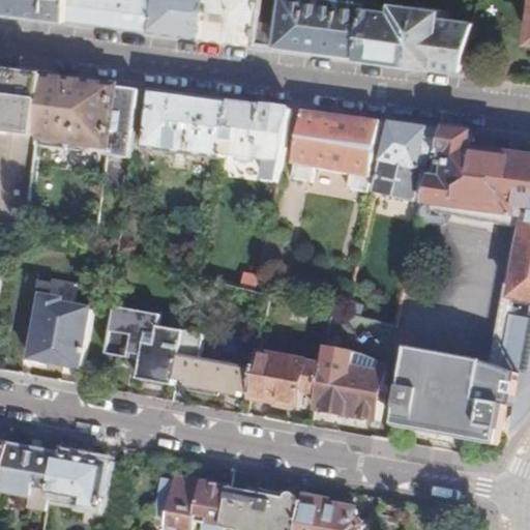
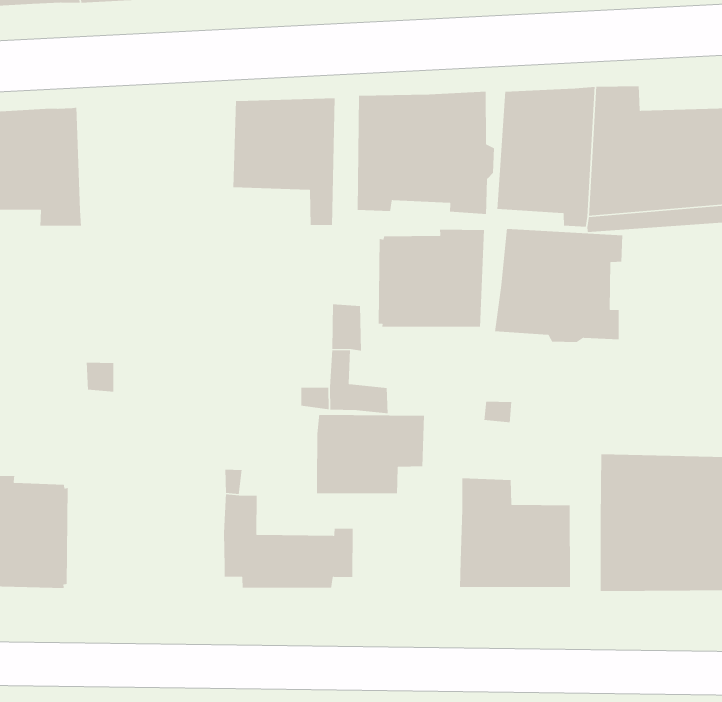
building: [124,87,226,166] -> none
building: none -> [378,229,485,328]
building: none -> [494,228,623,343]
building: [102,306,179,384] -> none
building: [245,350,317,405] -> [316,414,425,494]

